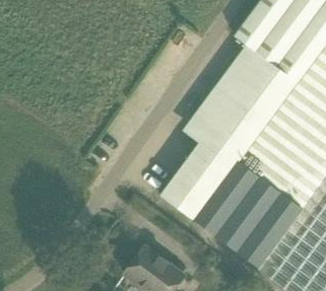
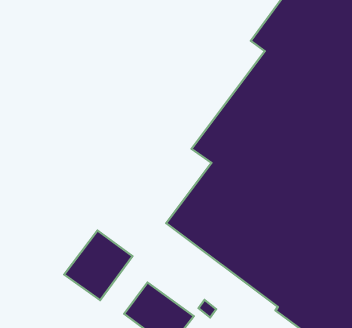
building: none -> [64,230,133,300]

